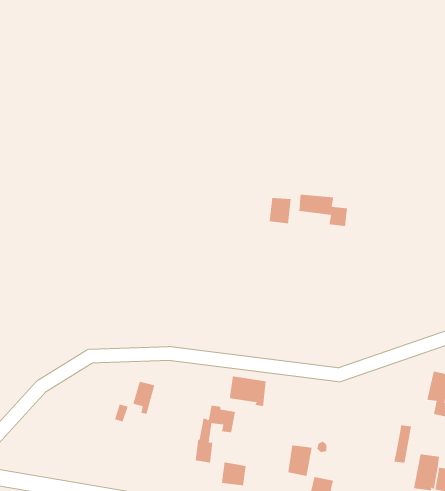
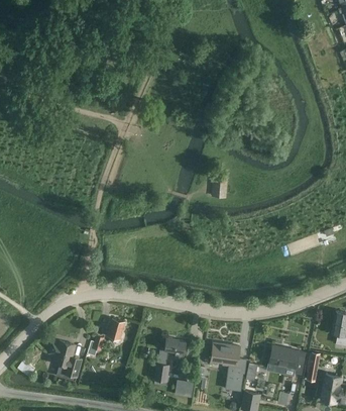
building: [299,194,347,227] -> none
building: [228,376,267,406] -> [210,343,239,367]
building: none -> [49,341,82,382]
building: none -> [269,346,306,375]

